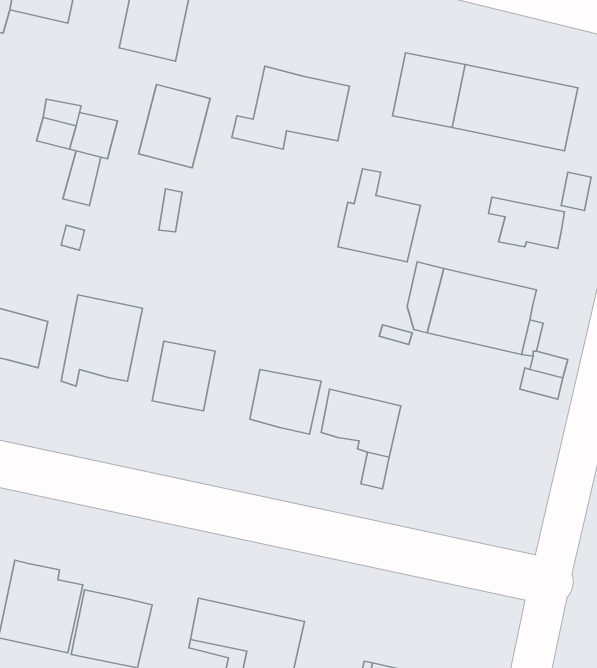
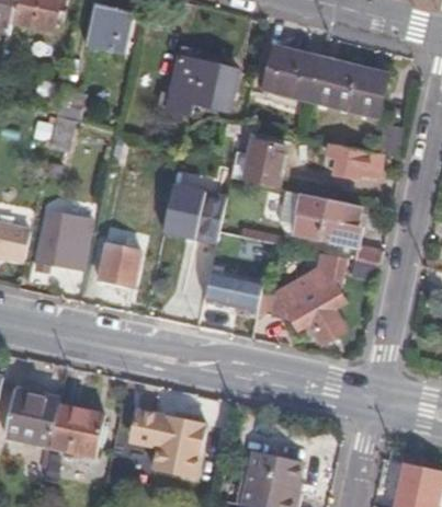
building: [139,85,210,168] -> none
building: none -> [168,180,234,241]
building: none -> [273,254,344,341]

